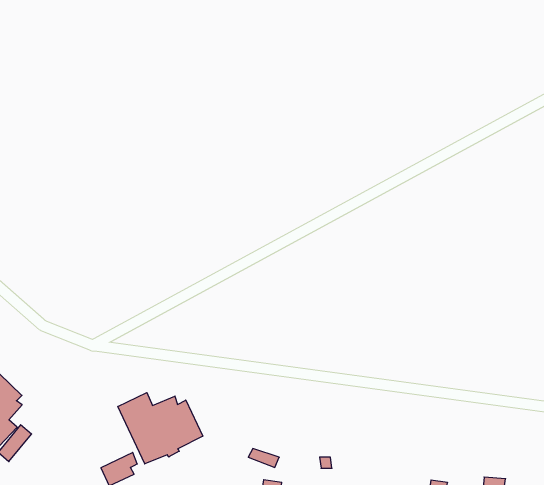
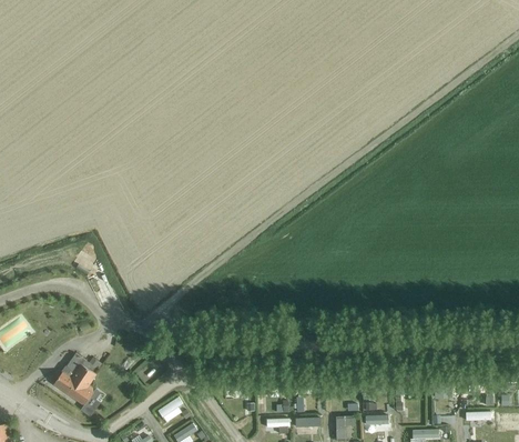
building: [118,393,203,464] -> none

